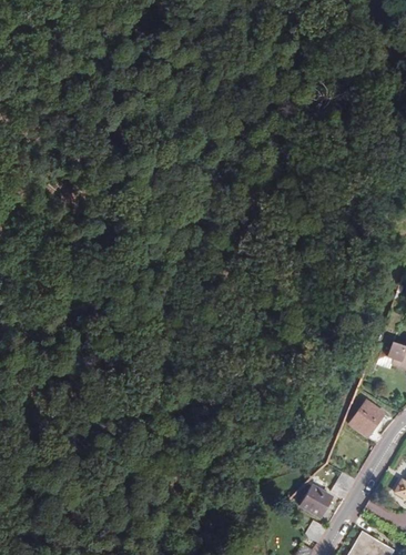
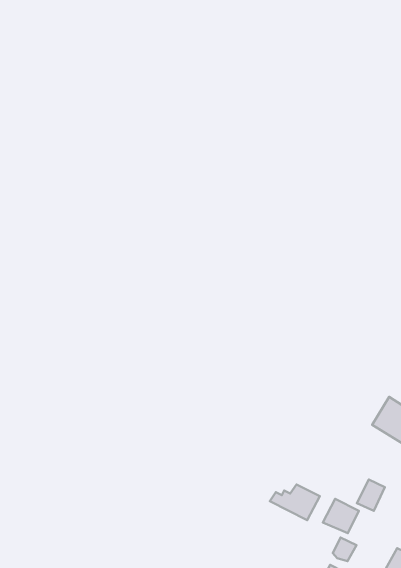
building: none -> [270,485,320,520]

